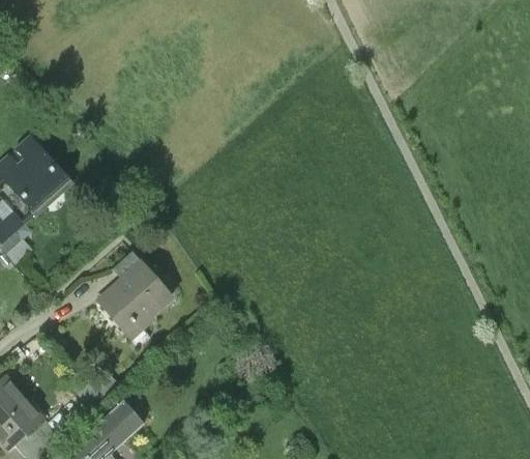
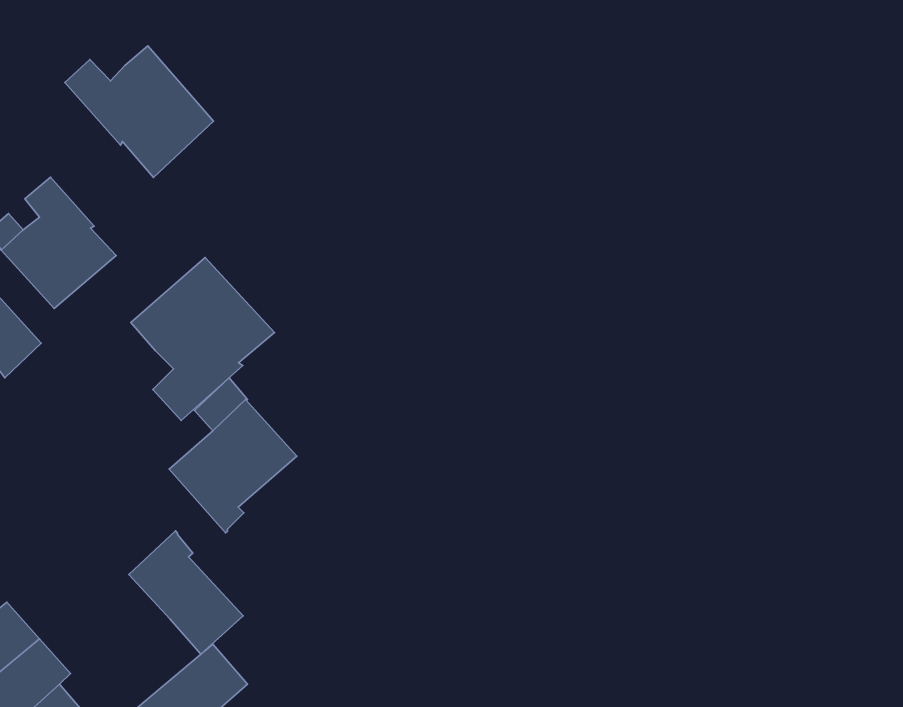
building: none -> [65,46,214,178]
building: none -> [131,258,274,420]
building: none -> [129,531,243,654]

